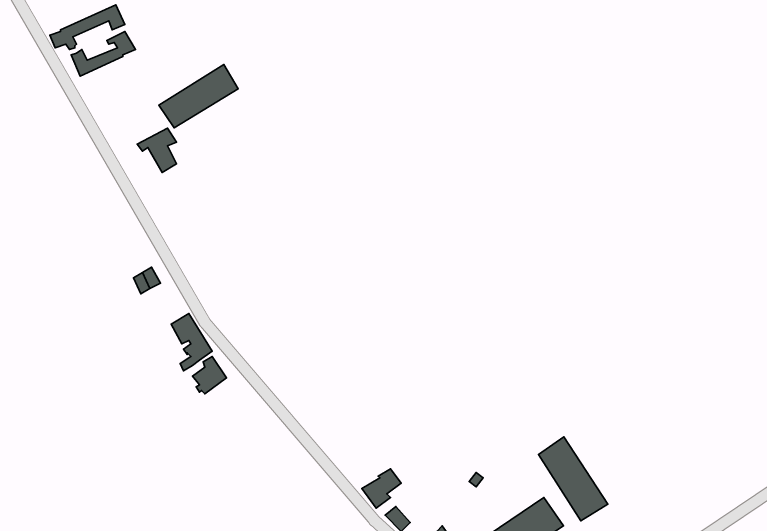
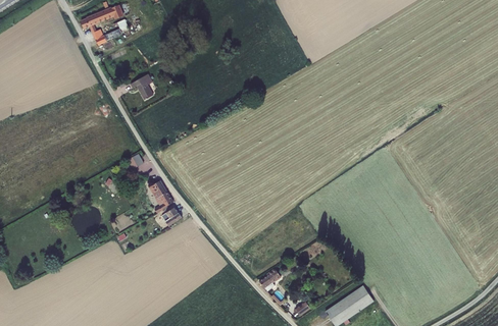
building: [159,65,238,128] -> none
building: [538,437,608,521] -> none

